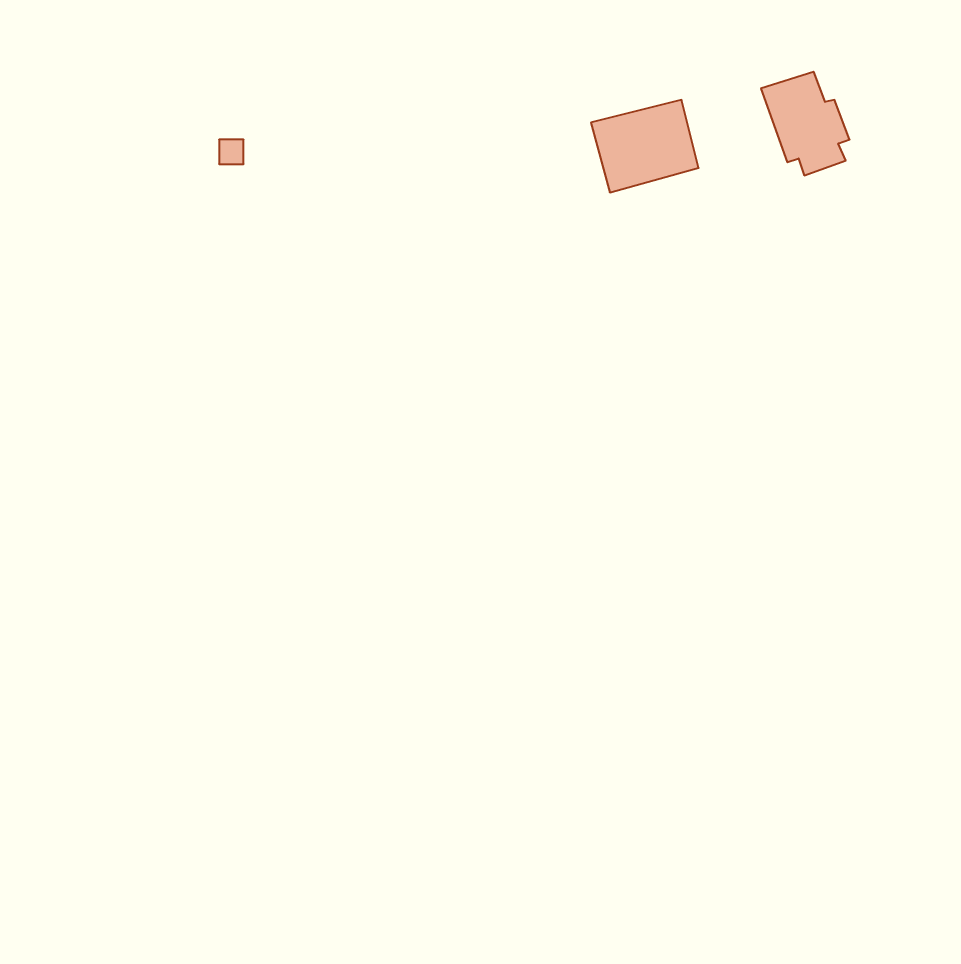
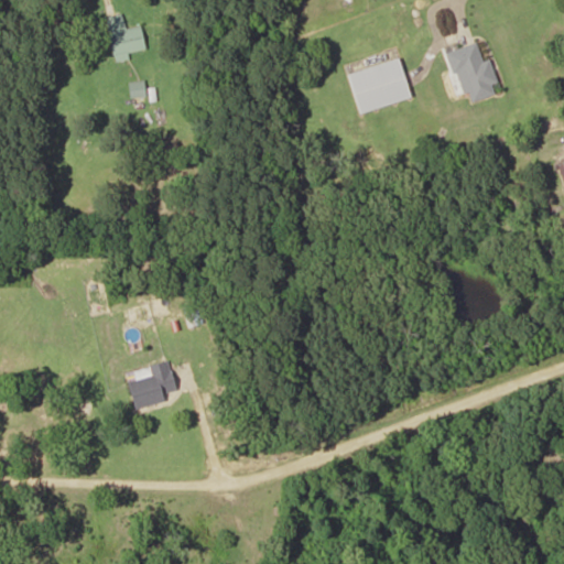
building: none -> [107,13,145,62]
building: none -> [127,361,176,409]

